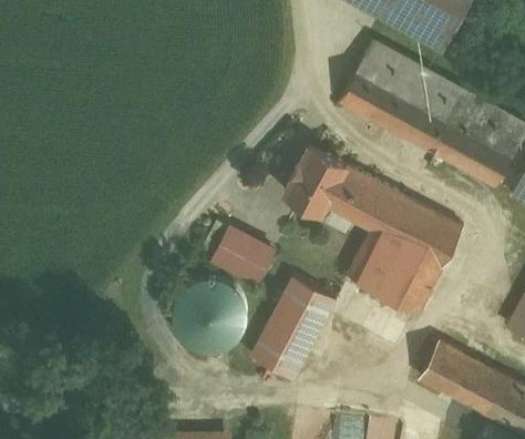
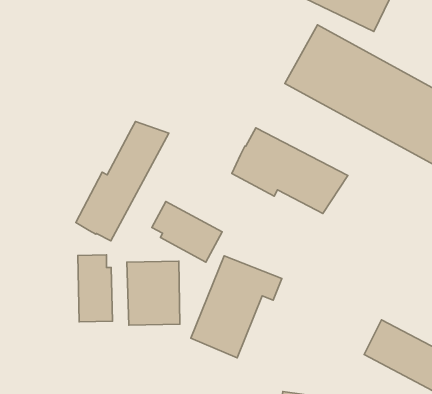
building: none -> [76,121,169,241]
building: [350,195,465,313] -> none
building: none -> [78,255,113,322]

